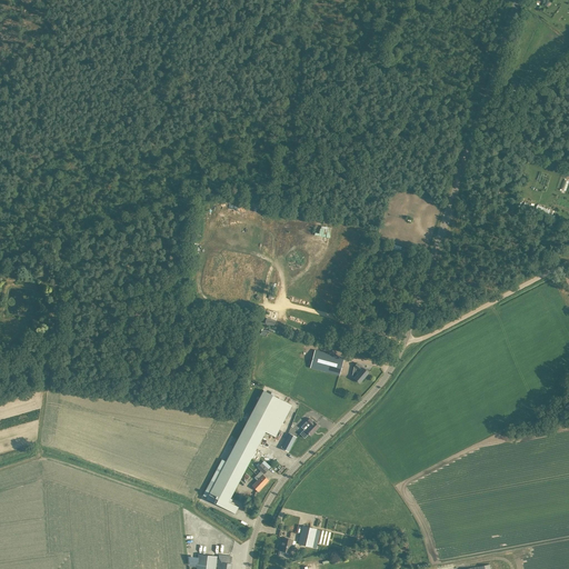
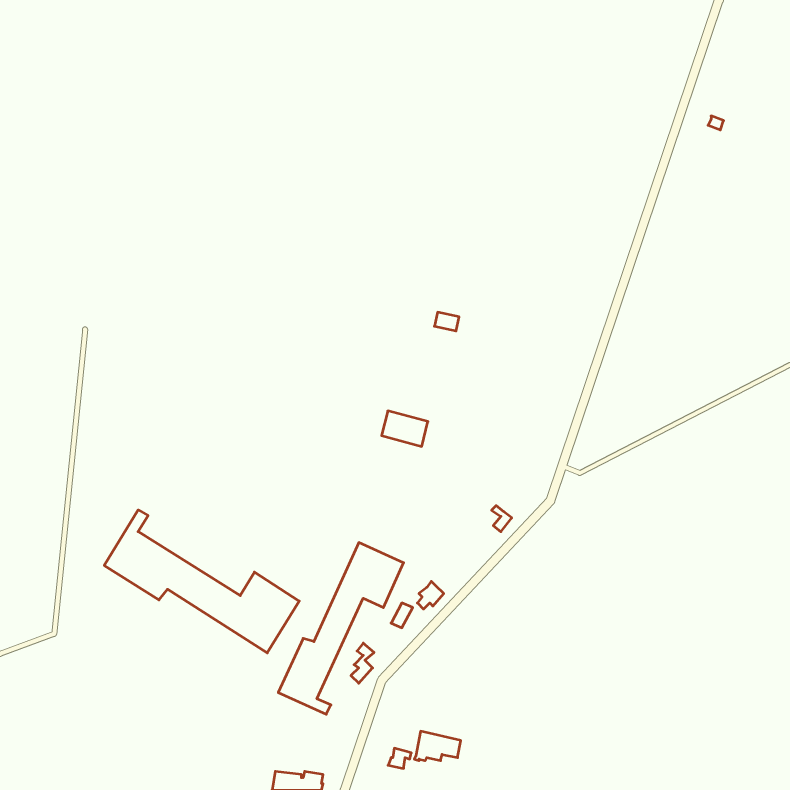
building: [310,350,343,376] -> [382,411,428,446]
building: none -> [104,510,299,653]

